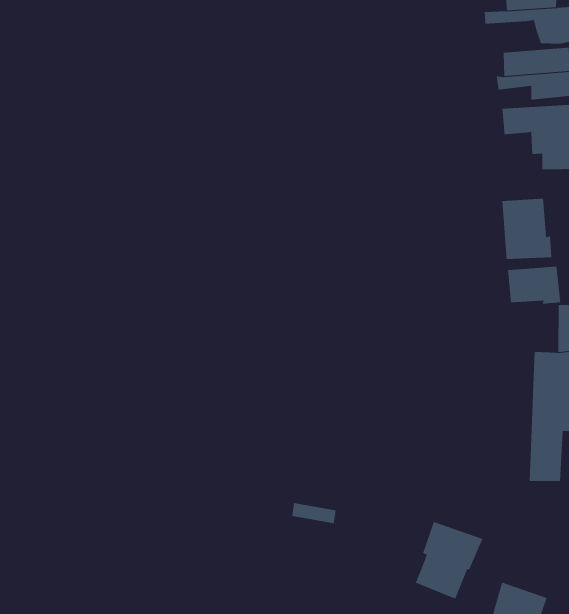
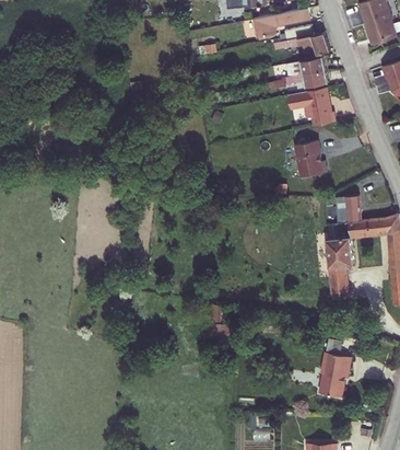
building: [508,266,561,305] -> none
building: [415,521,483,599] -> none

